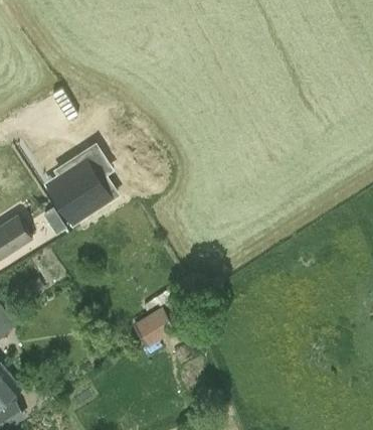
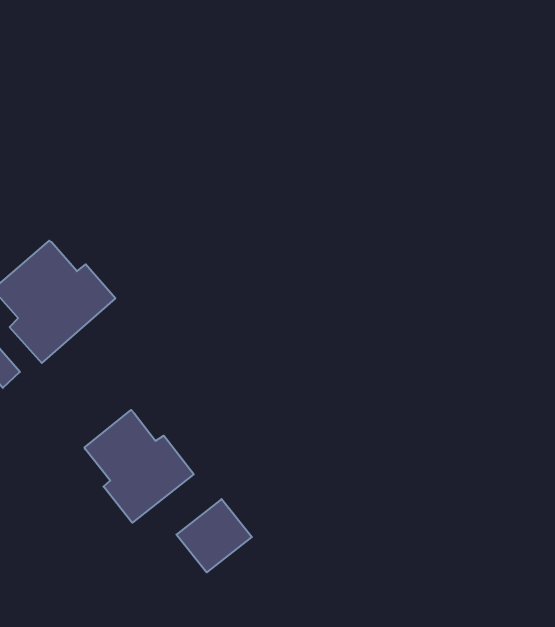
building: none -> [85,410,194,523]

